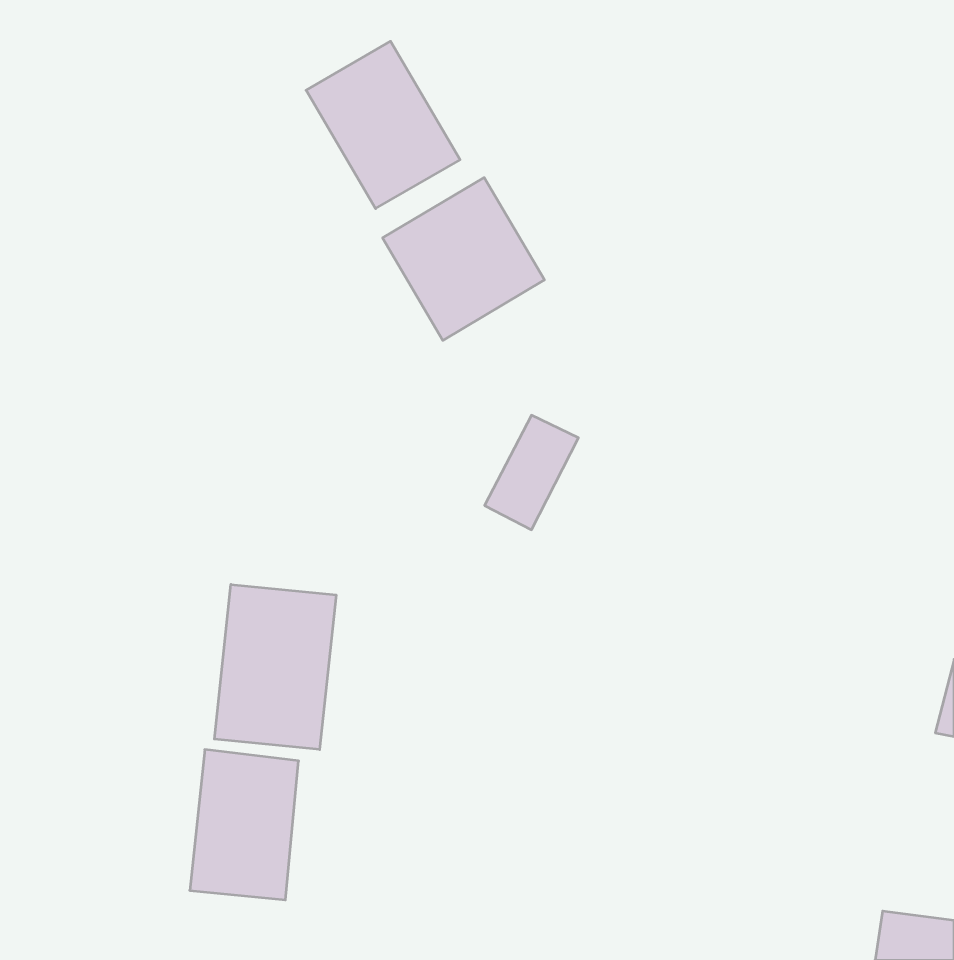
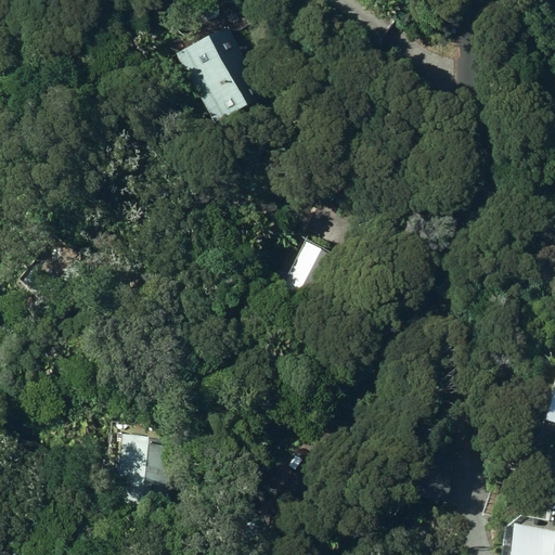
building: [383,178,544,340] -> none
building: [214,584,336,750] -> none

